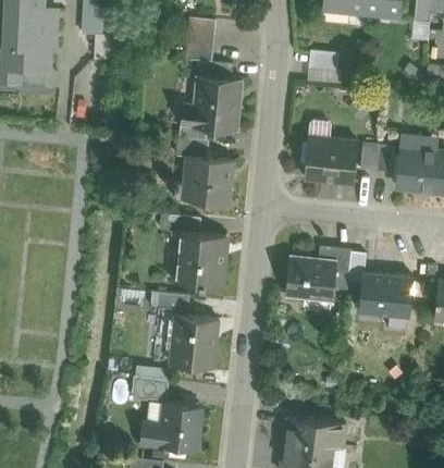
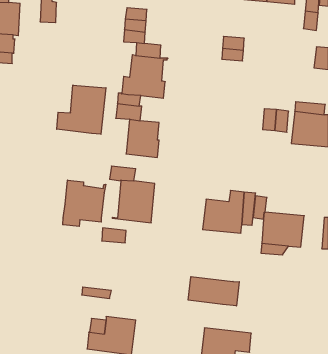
building: none -> [57,85,106,134]
building: [304,121,358,183] -> none
building: none -> [63,180,106,226]
building: [171,316,215,369] -> none
building: none -> [188,277,239,306]
building: [132,377,169,398] -> none

